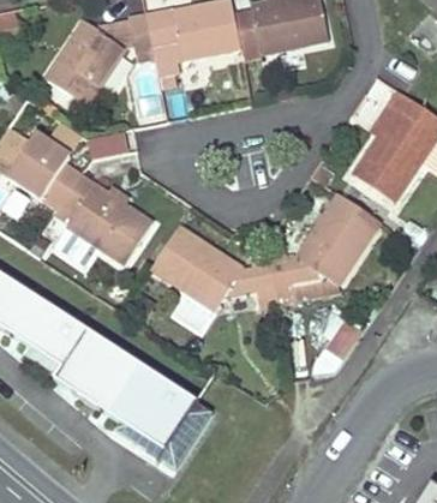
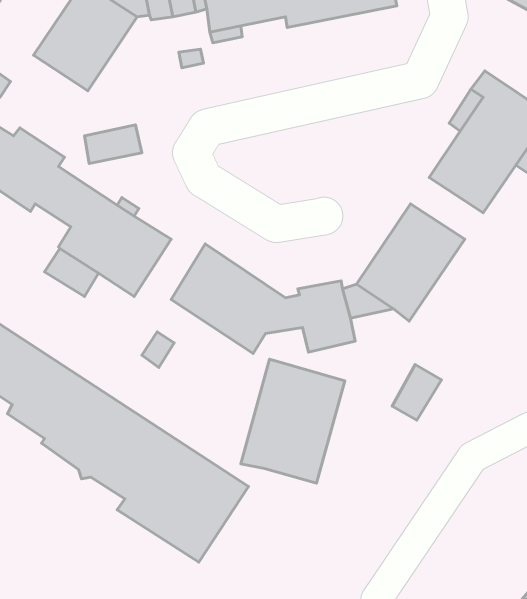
building: none -> [241,359,345,483]

